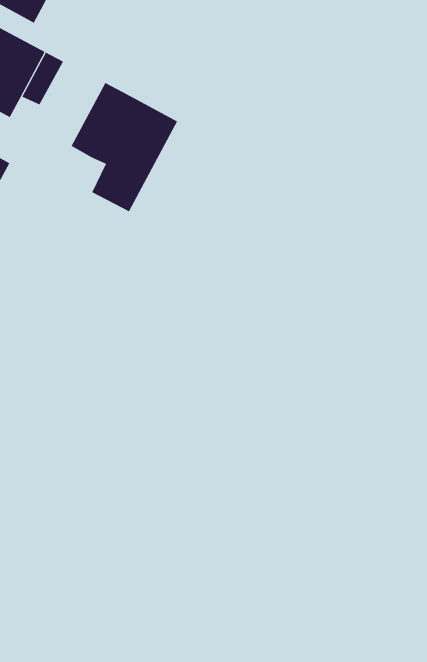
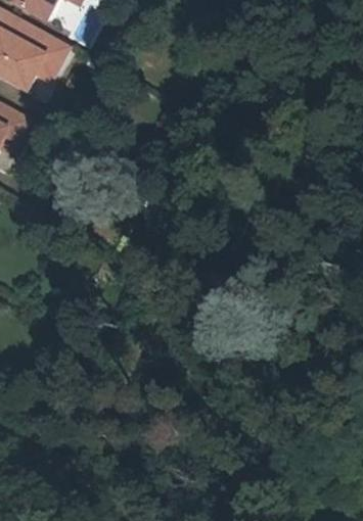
building: [71,82,178,212] -> none

